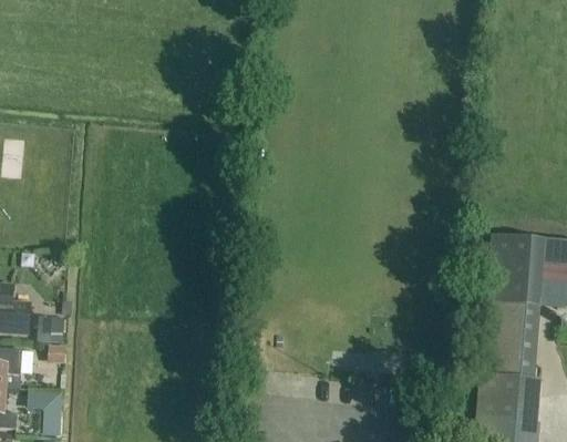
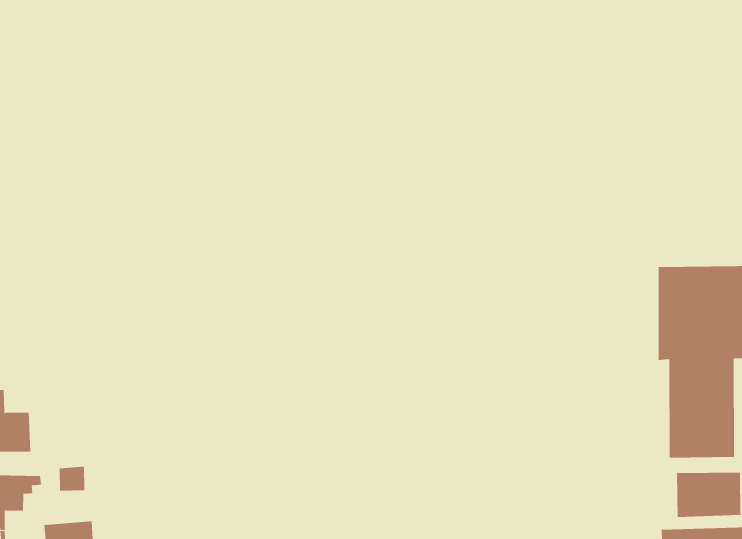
building: [37,318,66,345] -> none

